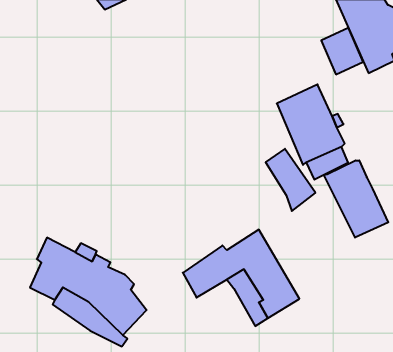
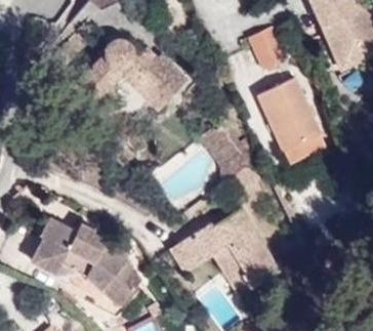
building: [321,28,363,74] -> [248,29,286,71]
building: none -> [78,39,184,110]
building: [266,149,315,211] -> [200,126,245,182]
building: [324,160,388,238] -> none

